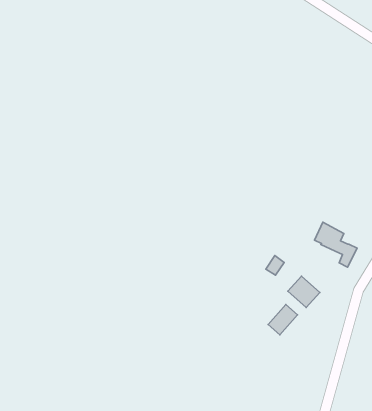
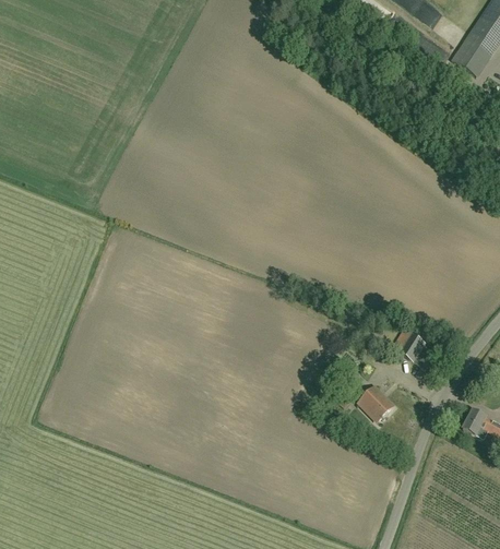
building: [268,305,298,335] -> none

